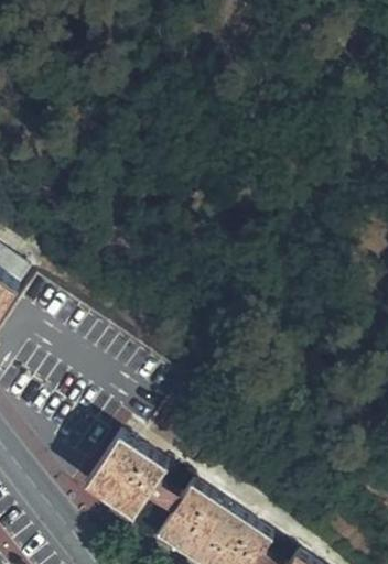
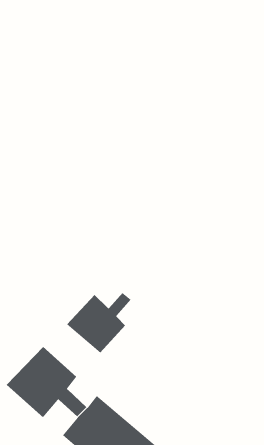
building: none -> [66,292,132,354]

